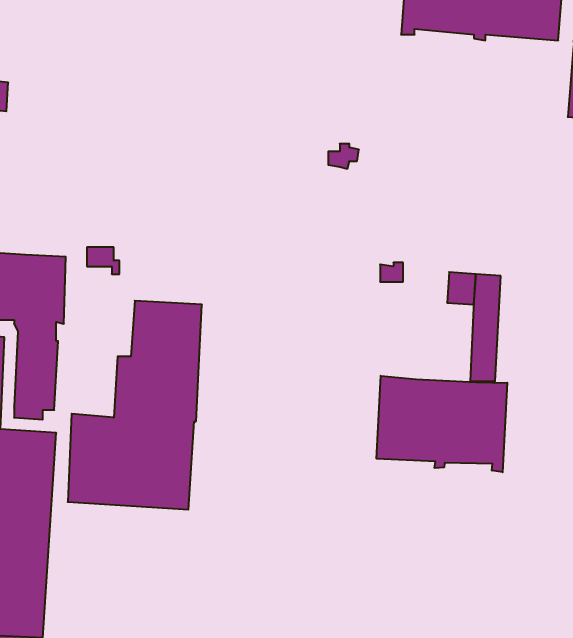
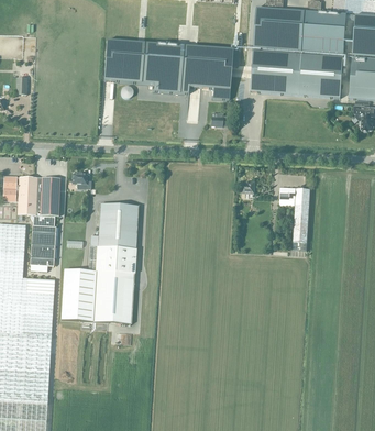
building: none -> [103,40,240,99]
building: none -> [251,51,343,98]
building: [377,376,507,472] -> none

